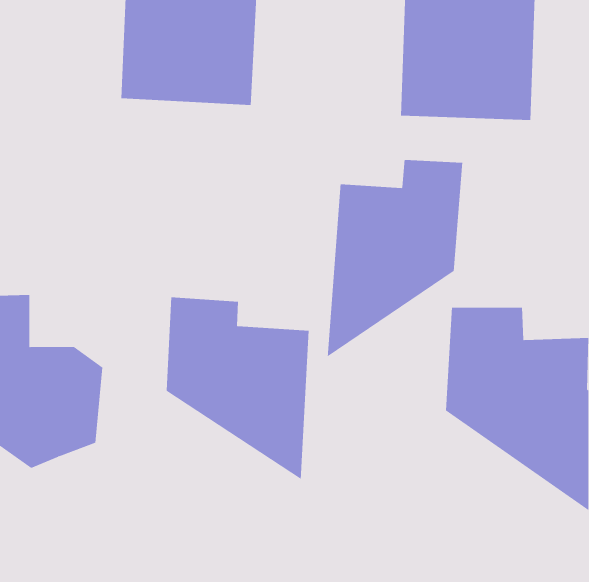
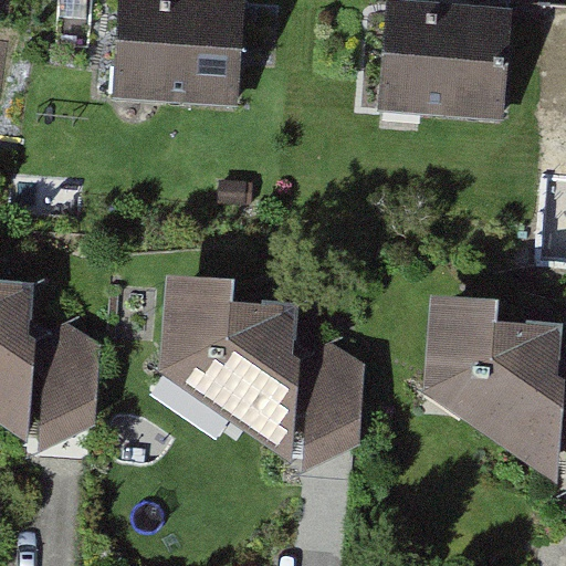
building: [327,159,463,358] -> none
building: none -> [300,339,361,470]

